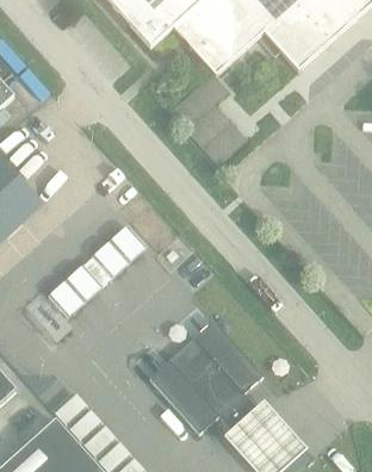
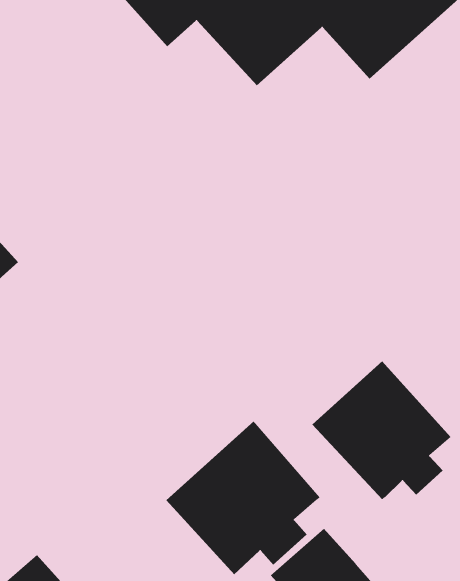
building: none -> [312,361,451,500]

